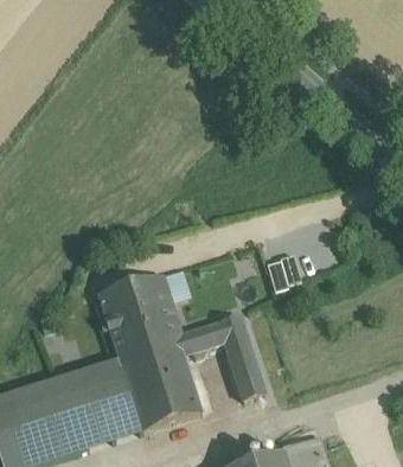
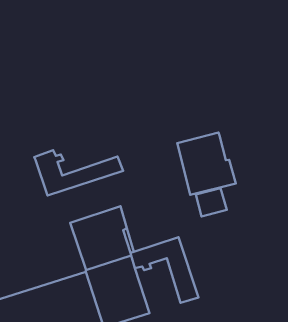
building: none -> [177,132,236,195]
building: none -> [34,150,123,195]

